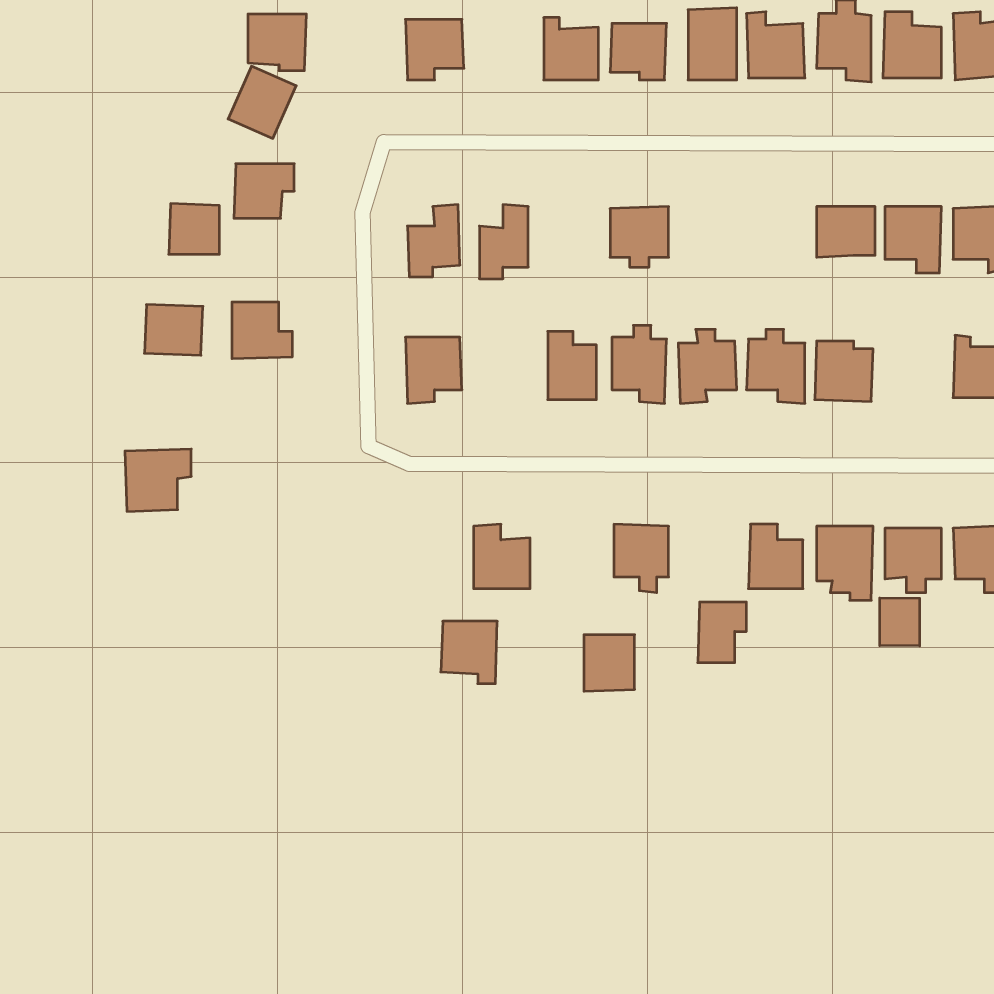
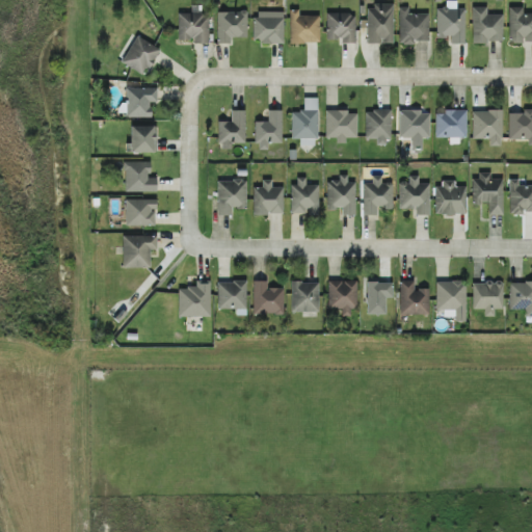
building: [248,14,306,71] -> [179,12,210,43]
building: none -> [255,10,284,43]
building: none -> [292,97,318,142]
building: [169,204,219,254] -> [130,125,157,152]
building: none -> [366,110,391,144]
building: none -> [399,110,431,150]
building: [144,305,203,355] -> [126,198,157,225]
building: none -> [473,175,504,214]
building: none -> [254,180,284,214]
building: [125,449,191,511] -> [123,234,158,267]
building: none -> [179,280,211,316]
building: [880,598,920,646] -> none
building: [698,602,746,663] -> [367,282,393,314]
building: [441,621,497,684] -> [217,281,247,314]
building: [584,635,635,691] -> [292,282,319,312]

